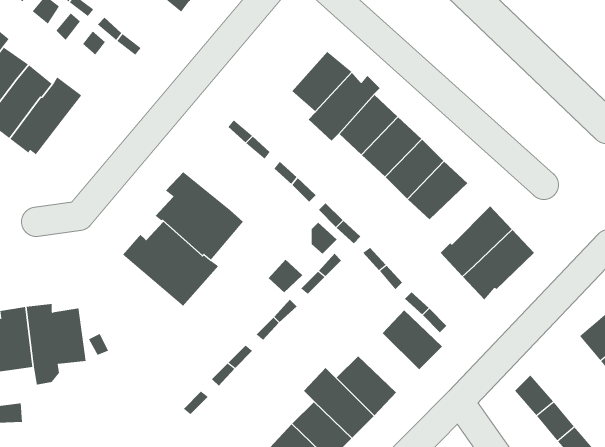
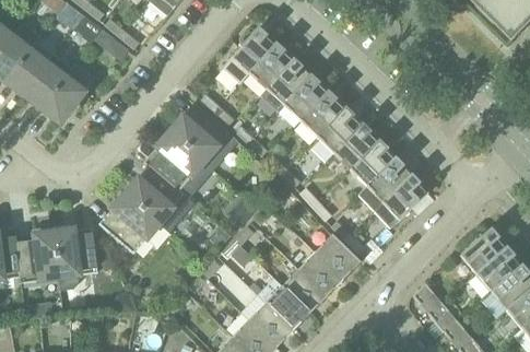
building: none -> [222,26,274,81]
building: none -> [168,105,238,168]
building: none -> [350,140,394,185]
building: none -> [103,192,169,251]
building: none -> [297,250,342,294]

